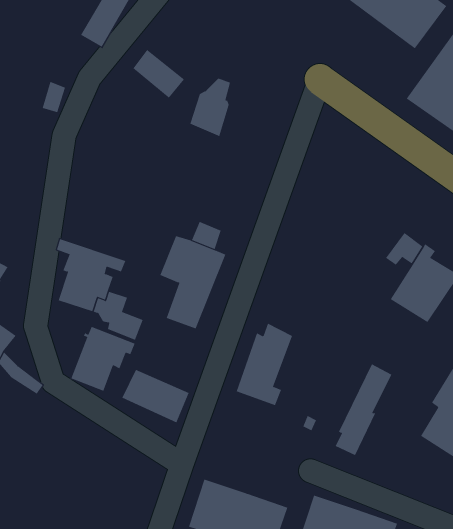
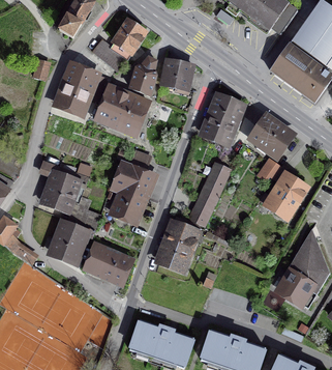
building: none -> [114,21,142,51]
building: none -> [159,60,190,92]
building: none -> [57,65,108,114]
building: none -> [95,88,146,132]
building: none -> [203,96,240,143]
building: none -> [251,117,291,154]
building: [335,363,392,456] -> [191,164,229,224]

